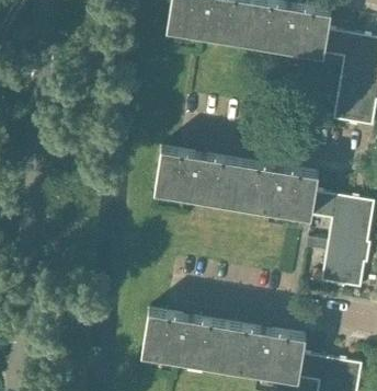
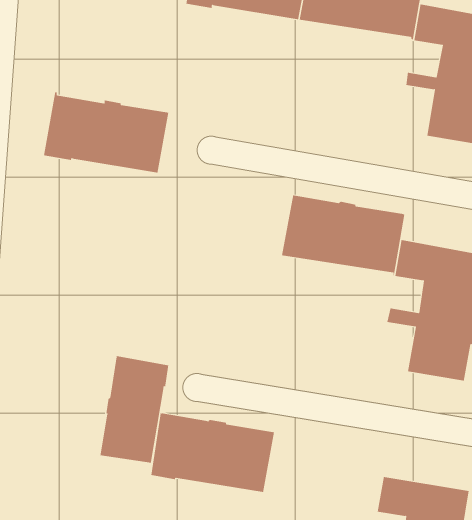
building: [152,149,239,205] -> [43,92,169,173]
building: none -> [100,355,169,464]
building: [219,326,305,381] -> none

